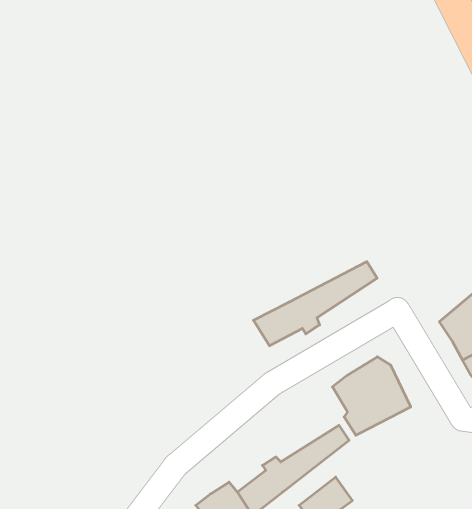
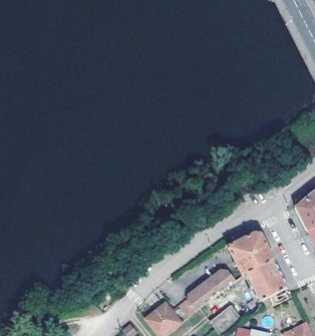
building: [253,262,377,346] -> none
building: none -> [244,258,289,301]

